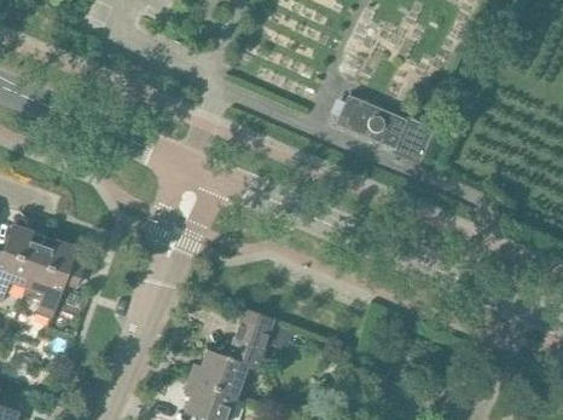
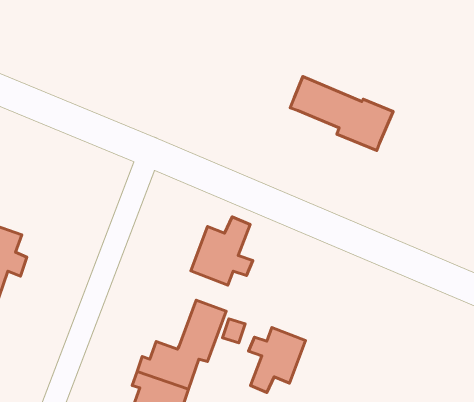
building: none -> [191,217,253,285]
building: none -> [249,328,305,392]

